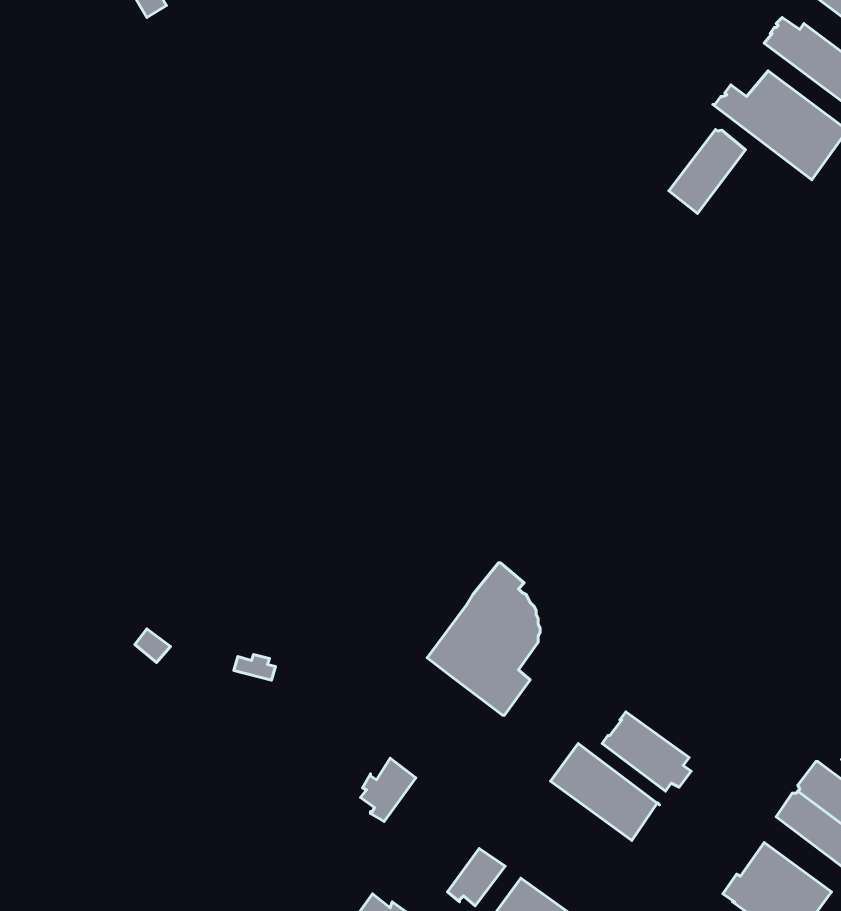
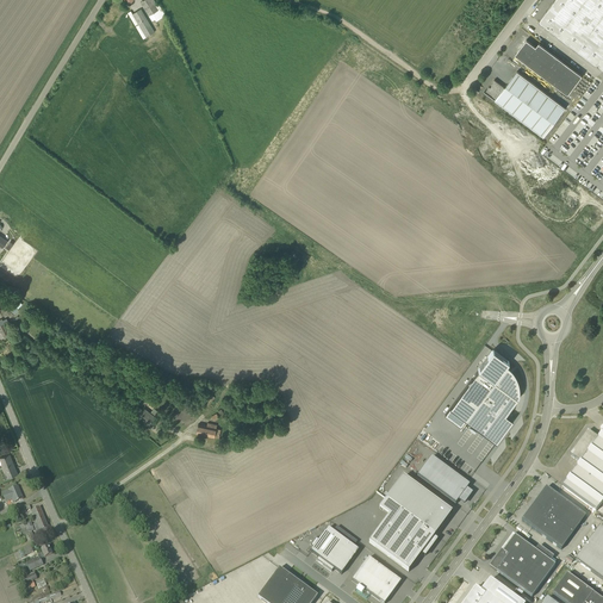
building: [669,130,745,214] -> none
building: [427,563,540,715] -> [450,349,518,441]
building: [361,758,416,821] -> [310,527,343,565]
building: none -> [368,505,434,571]

